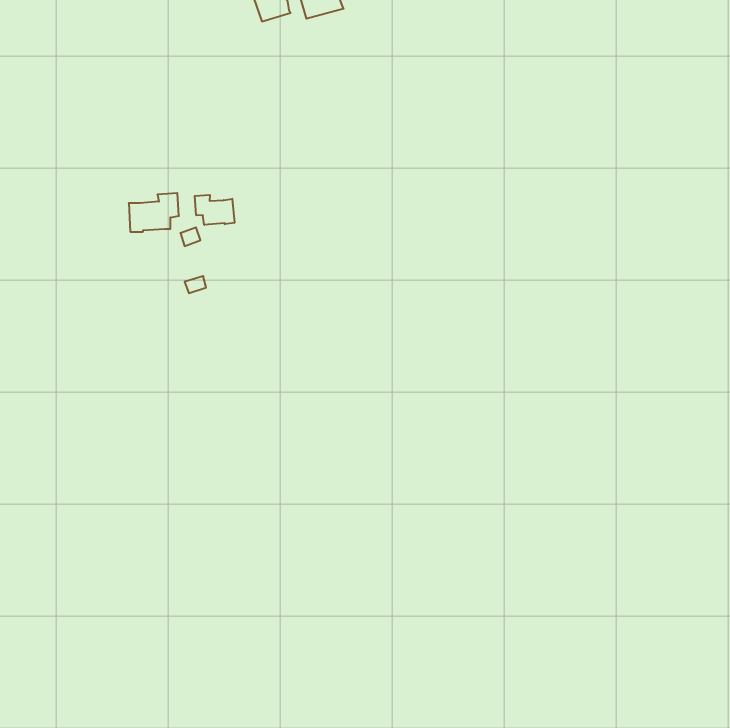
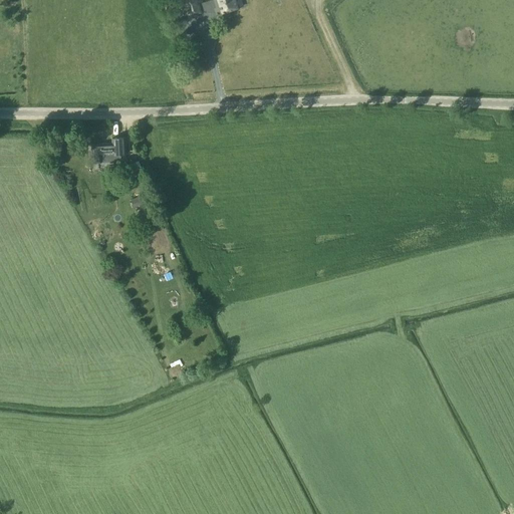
building: [195,195,234,225] -> none

